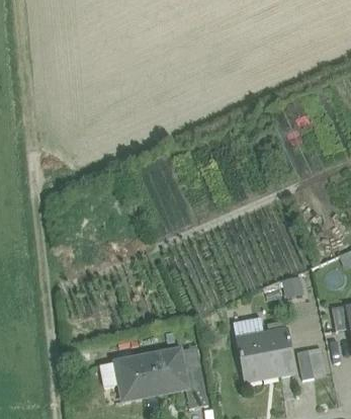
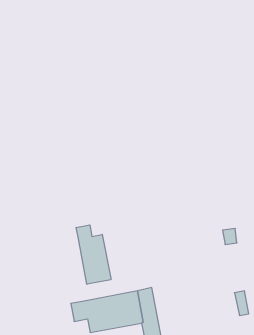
building: none -> [76,225,111,284]
building: [233,318,295,376] -> none

